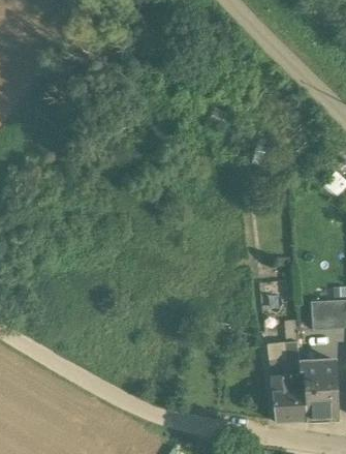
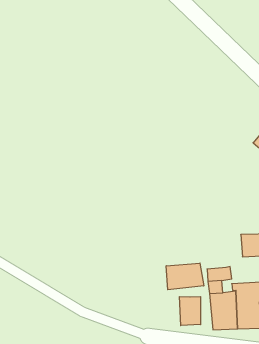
building: none -> [166,263,204,290]
building: none -> [180,297,201,326]

